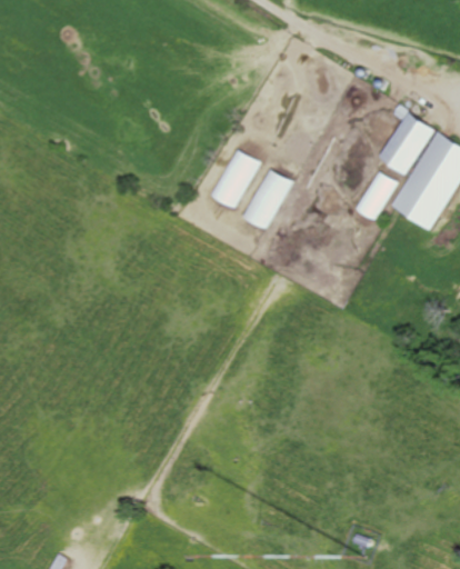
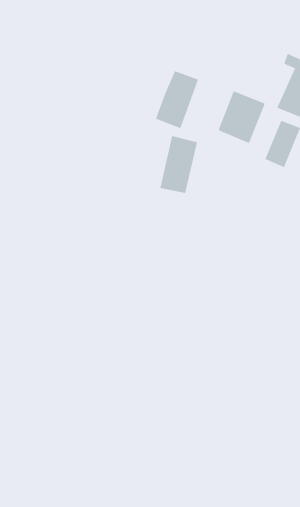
building: none -> [218,91,266,144]
building: [209,151,260,211] -> [155,71,199,129]

